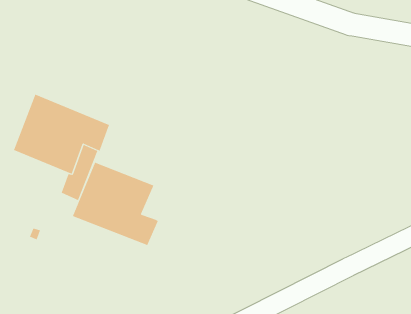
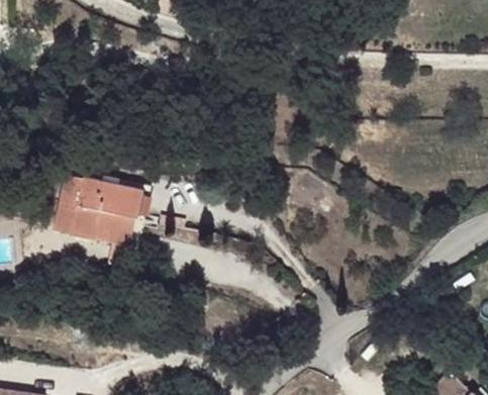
building: [72,162,159,246] -> none

